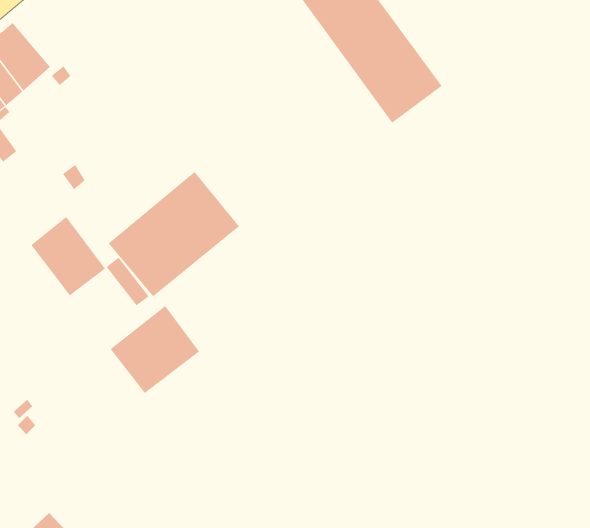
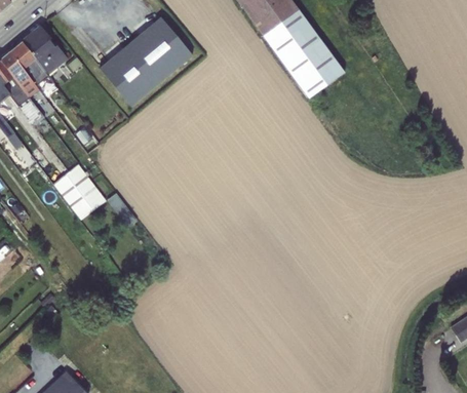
building: [108,171,240,297] -> [99,16,192,106]
building: [110,305,200,394] -> none

